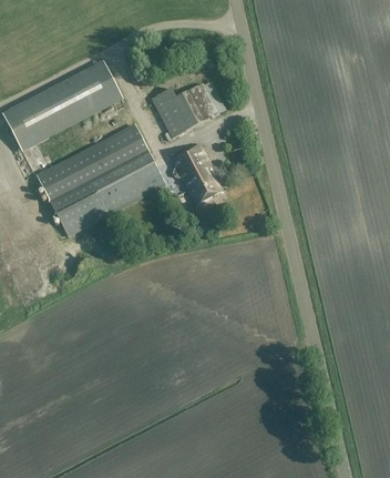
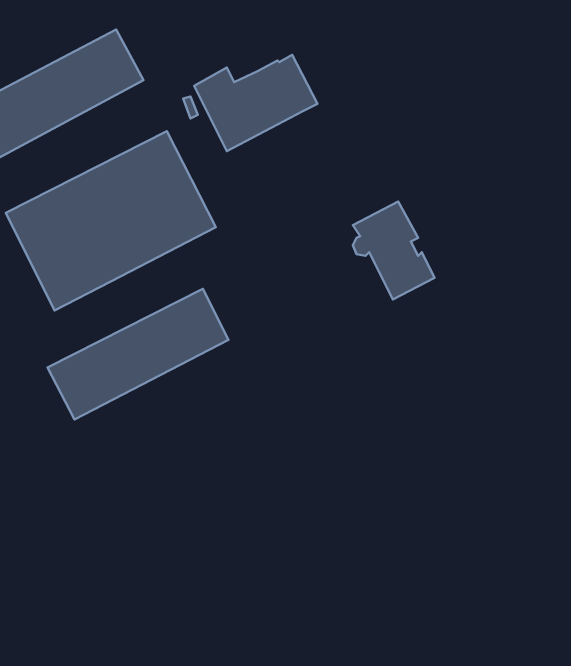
building: [172,143,222,203] -> [353,202,435,299]
building: none -> [47,289,228,420]

